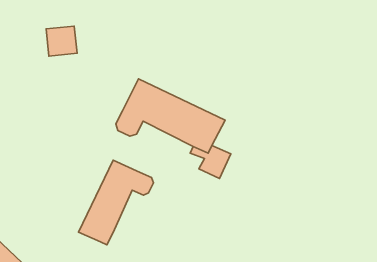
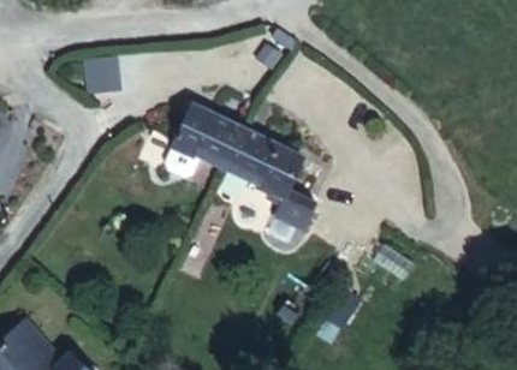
building: [79,160,154,245] -> none

